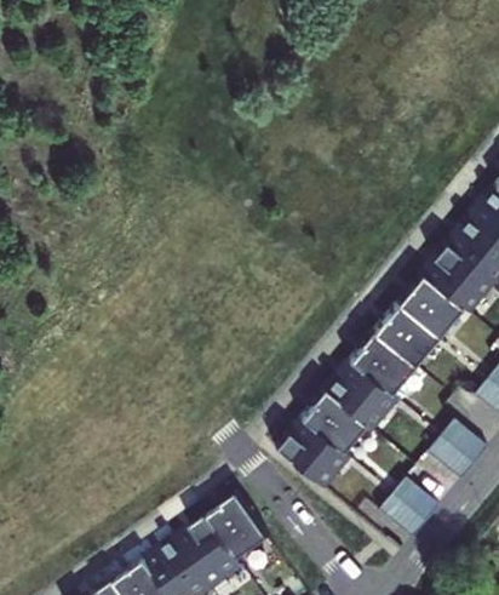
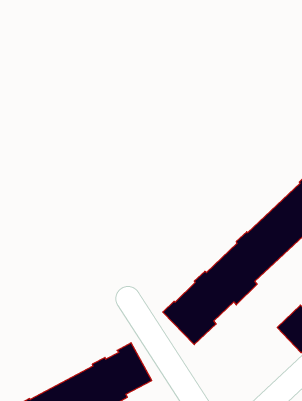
building: [379,475,441,537] -> none

